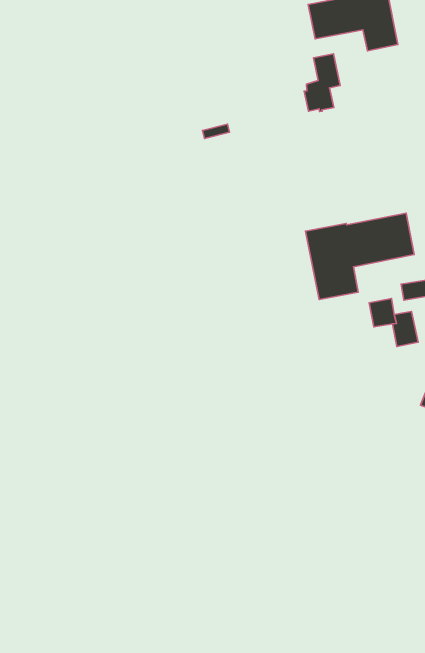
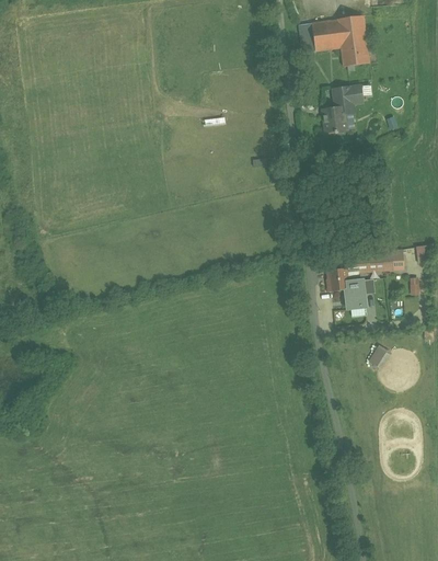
building: [304,54,340,111] -> [324,87,354,133]
building: [305,213,414,299] -> none

